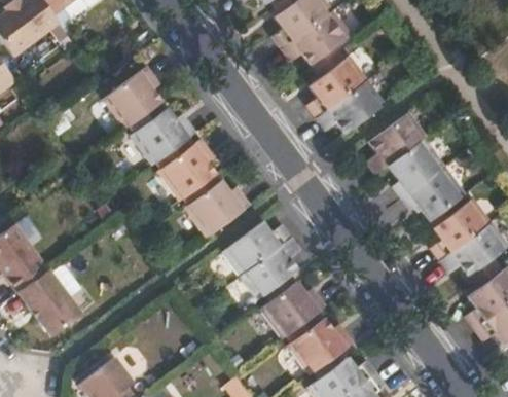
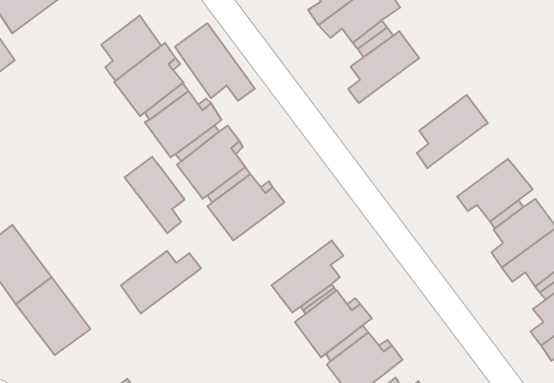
building: none -> [101,15,161,81]
building: none -> [175,23,255,101]
building: [316,79,387,135] -> none
building: [388,138,445,200] -> none
building: none -> [125,157,184,233]
building: [222,222,292,277] -> [121,251,201,314]

